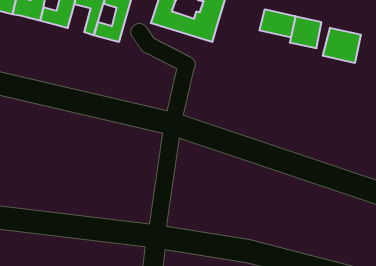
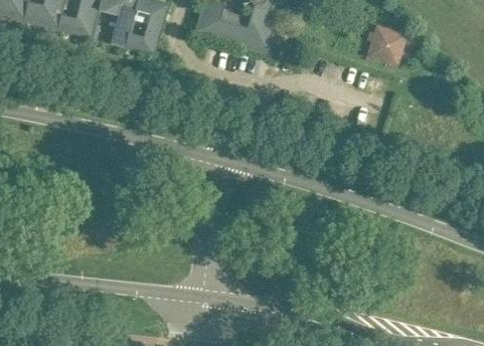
building: [259,9,296,38] -> none
building: [323,28,361,63] -> none

